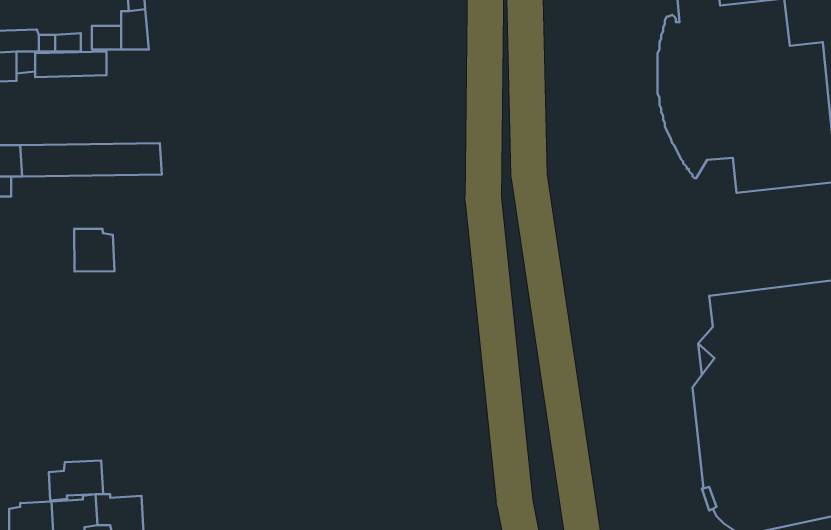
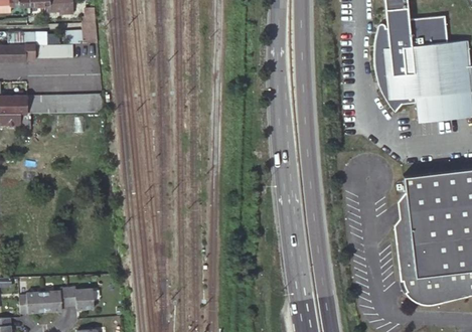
building: [74,229,115,272] -> none
building: [49,460,103,501] -> none

